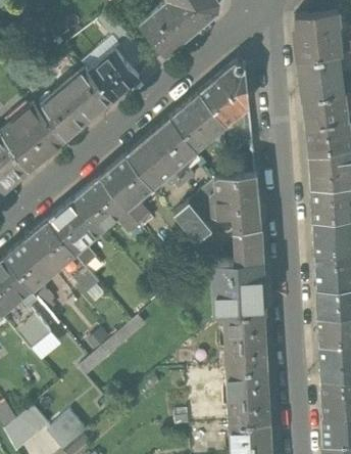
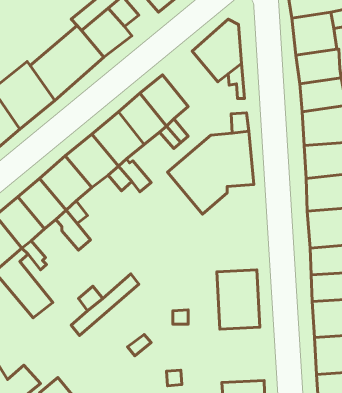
building: [169,95,224,154] -> none
building: [214,228,263,316] -> none
building: [227,370,270,425] -> none

